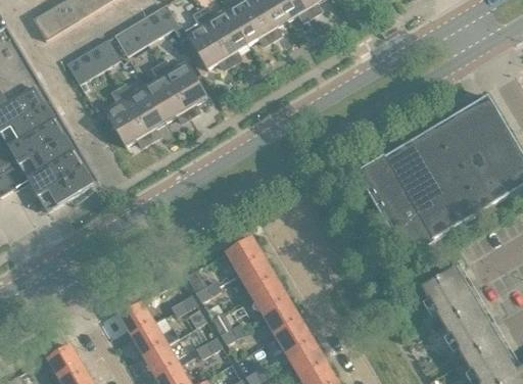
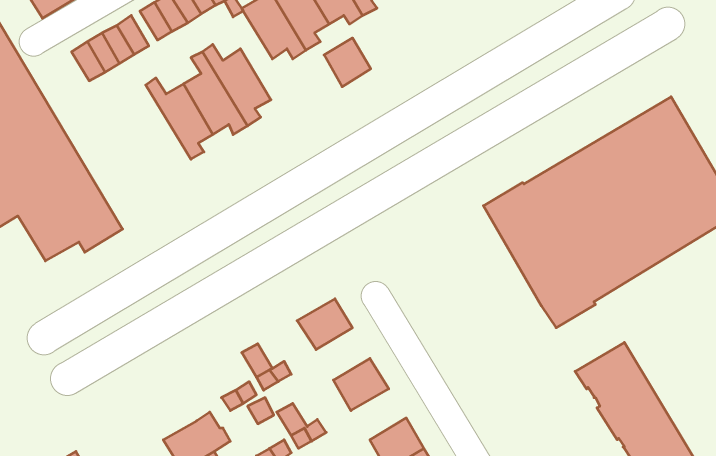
building: none -> [324,38,371,87]
building: [104,87,150,145] -> none
building: [238,257,276,294] -> none
building: [263,300,301,336] -> none
building: [118,301,154,336] -> none

